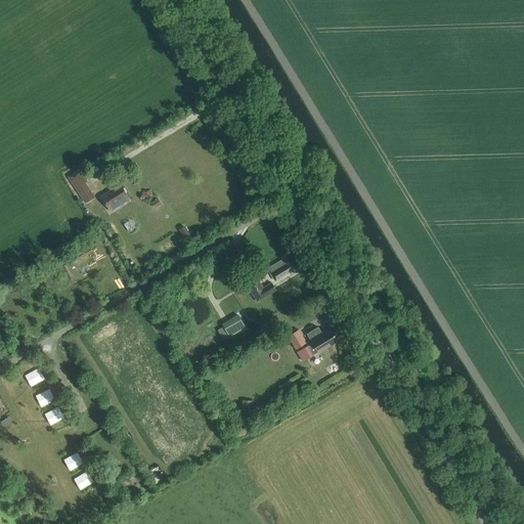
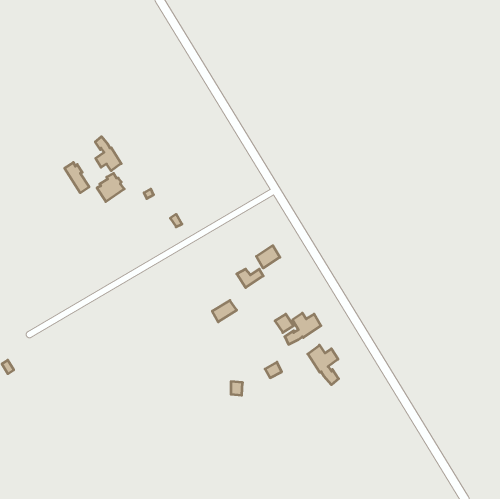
building: none -> [95,137,121,171]
building: none -> [308,345,339,385]

